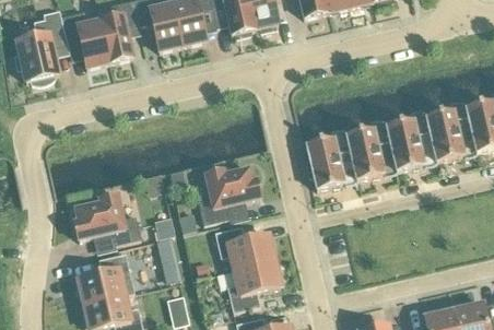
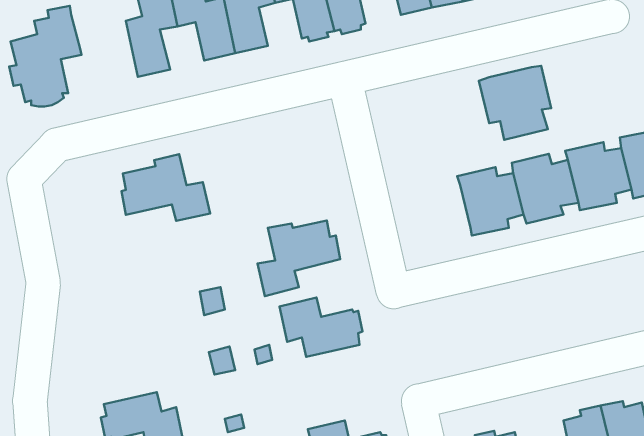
building: [60,11,109,67] -> none
building: none -> [479,66,551,140]
building: [305,138,355,189] -> none
building: [74,195,140,244] -> [122,154,210,221]
building: [74,252,131,304] -> none
building: [226,260,283,311] -> none

